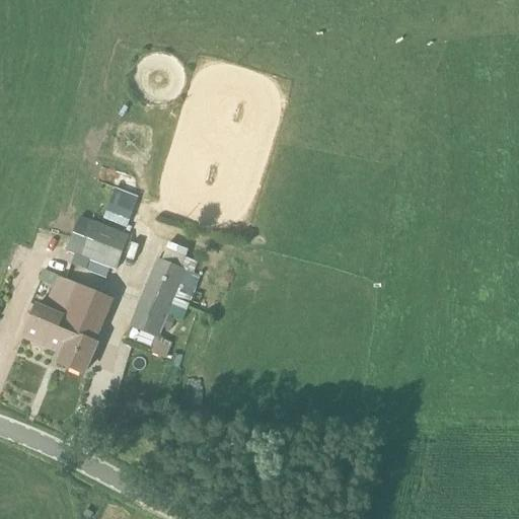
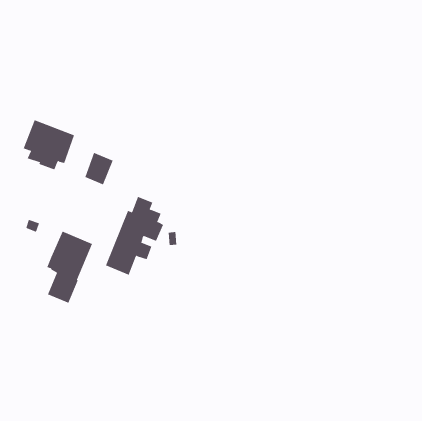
building: [65,215,129,277] -> [23,120,75,170]
building: [21,275,76,349] -> none

